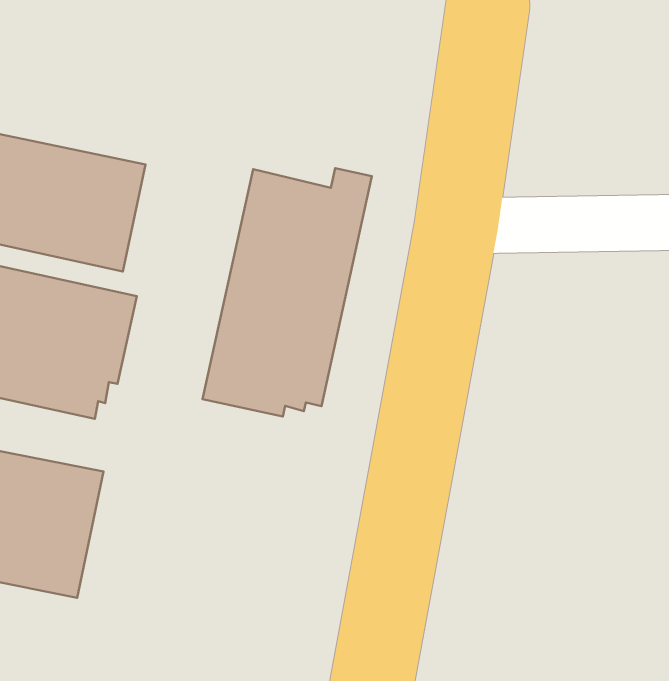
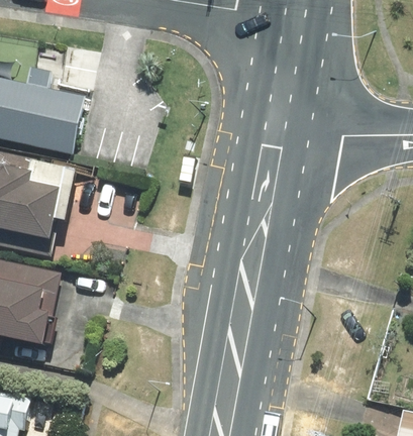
building: [203,168,372,417] -> none

